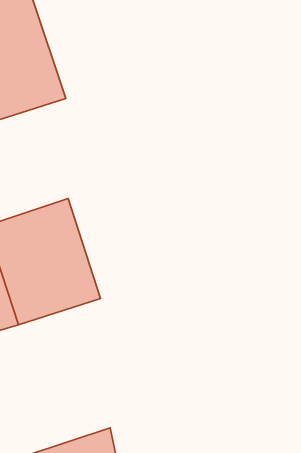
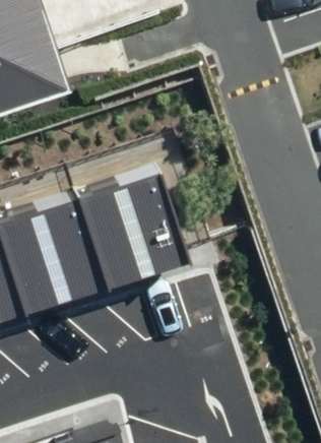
building: none -> [78,168,189,290]

